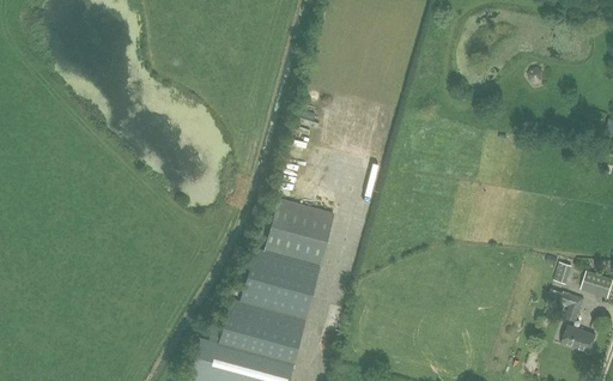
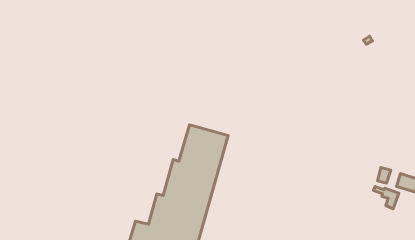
building: [562,325,595,352] -> none

